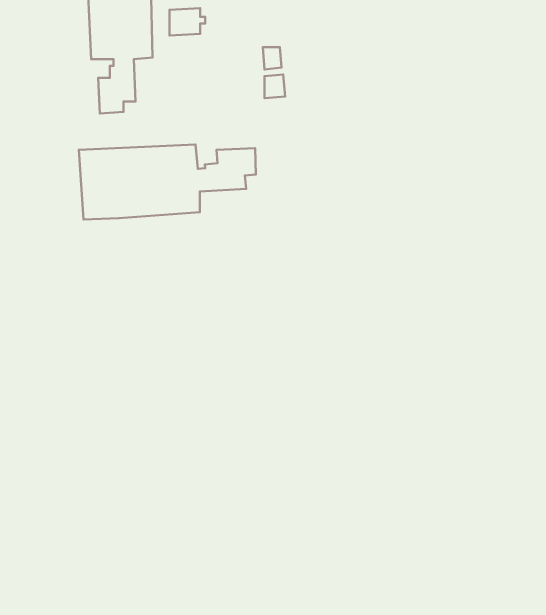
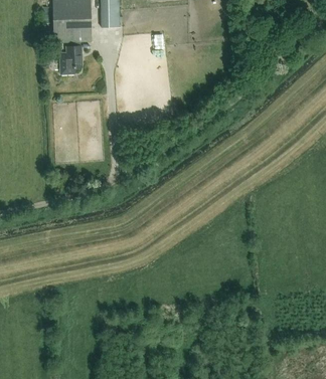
building: [79,144,256,220] -> none

